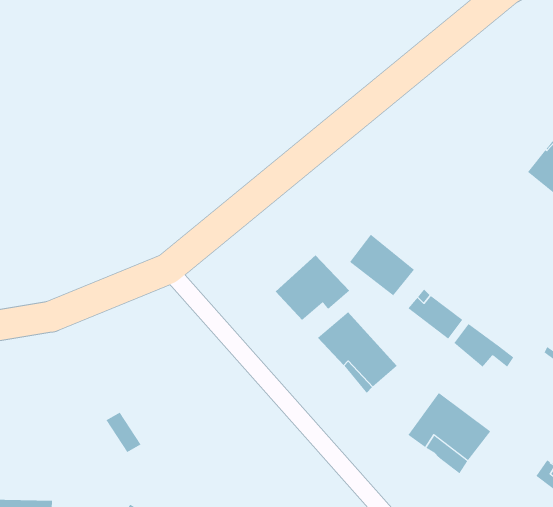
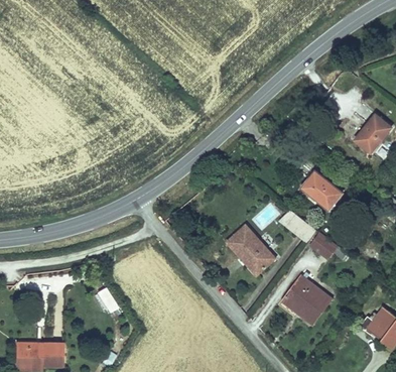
building: [349,234,415,296] -> [301,170,342,209]
building: [275,254,350,321] -> none

